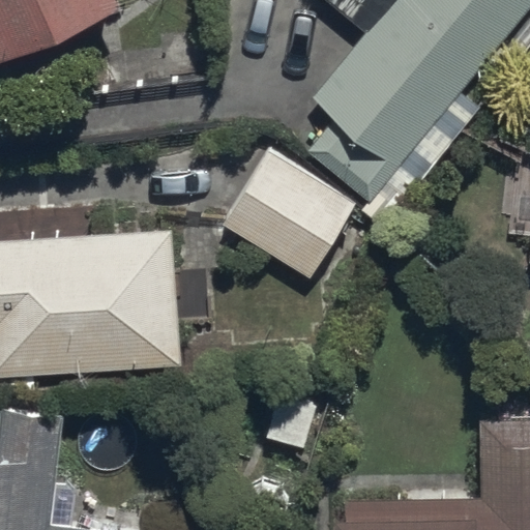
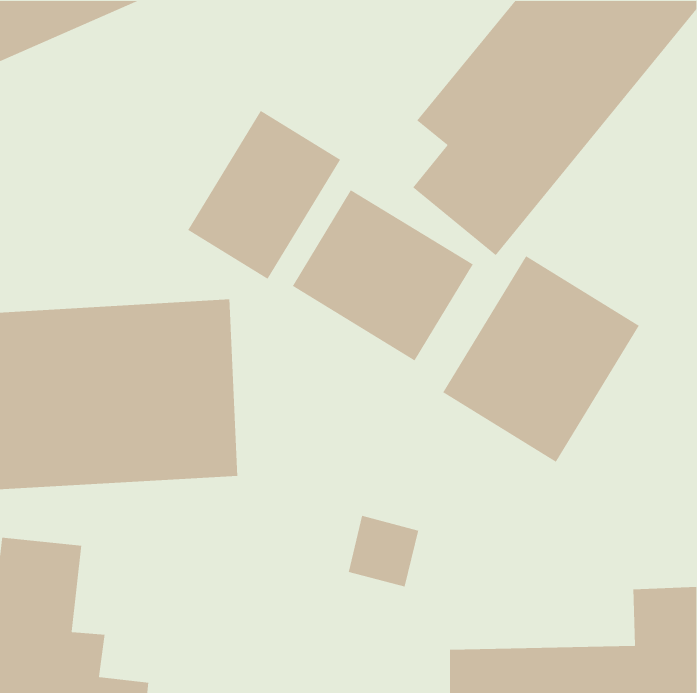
building: none -> [187,110,341,280]
building: none -> [442,255,640,463]

